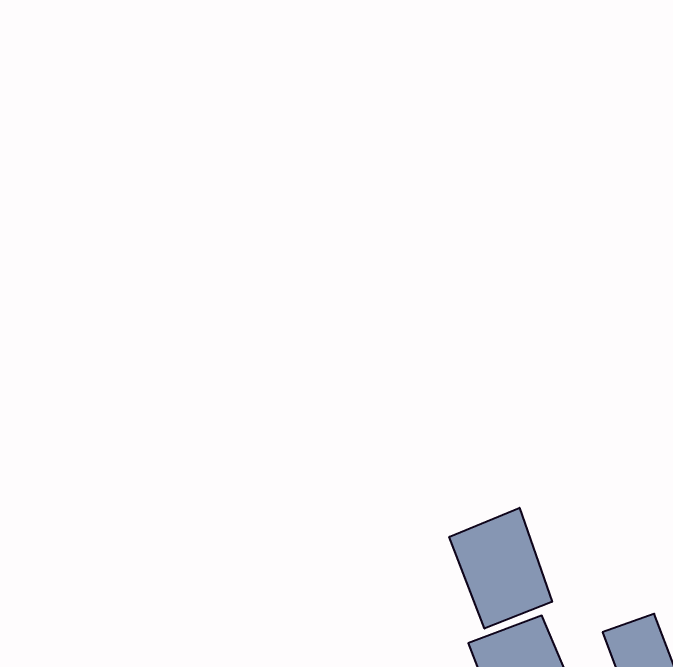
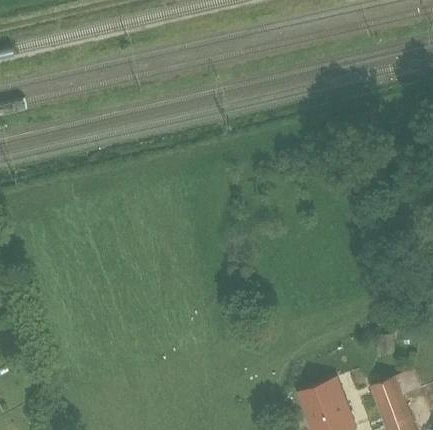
building: [449,508,552,629] -> none

